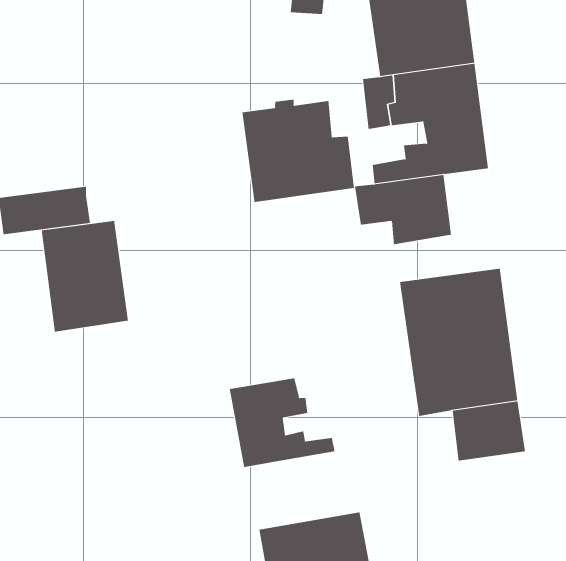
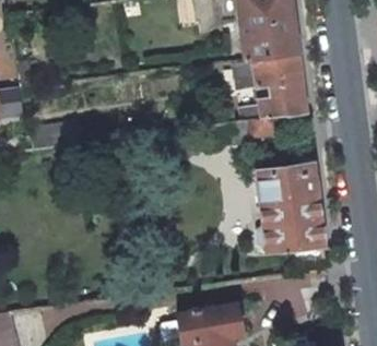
building: [242,99,355,203] -> none
building: [41,220,129,333] -> none
building: [229,377,335,468] -> none

